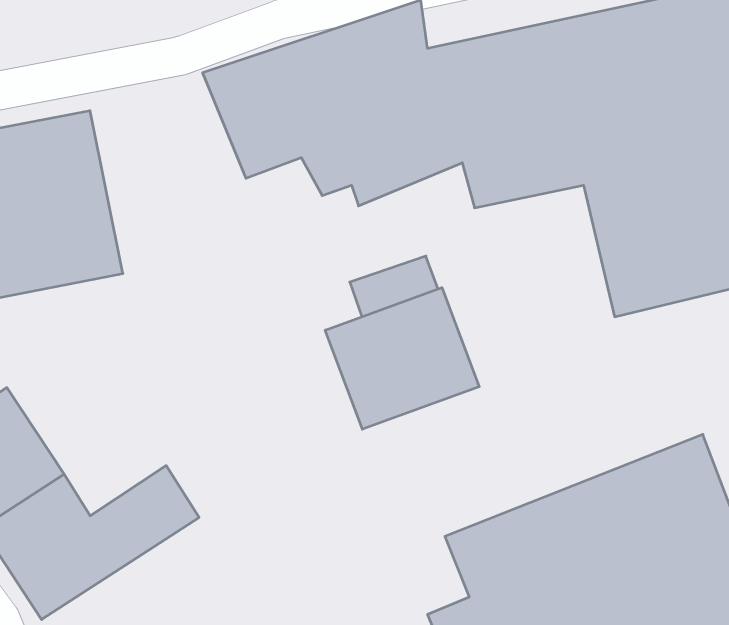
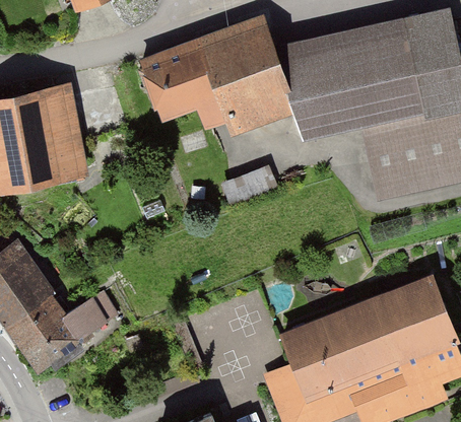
building: [325,288,479,429] -> none

